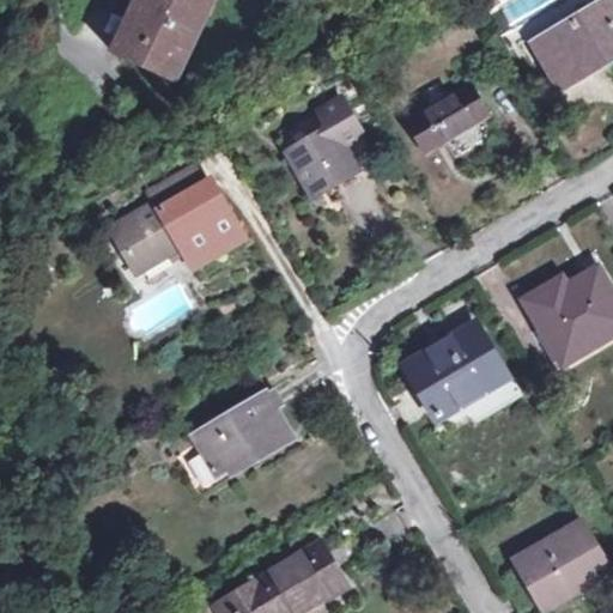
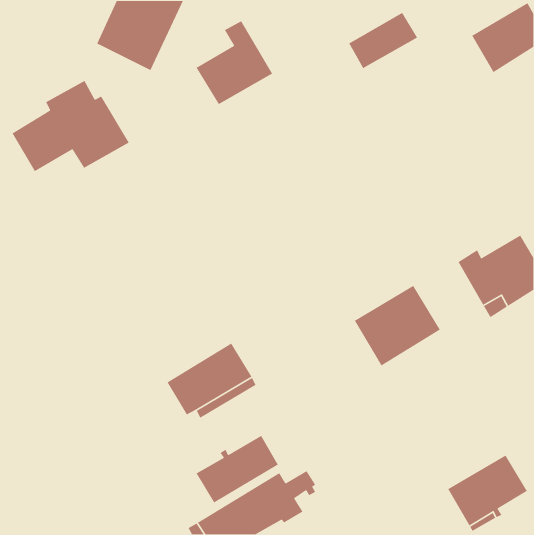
building: [407,84,487,150] -> [348,12,418,69]
building: [287,98,376,195] -> [196,20,273,105]
building: [109,166,244,272] -> [12,80,130,172]
building: none -> [196,435,279,504]

